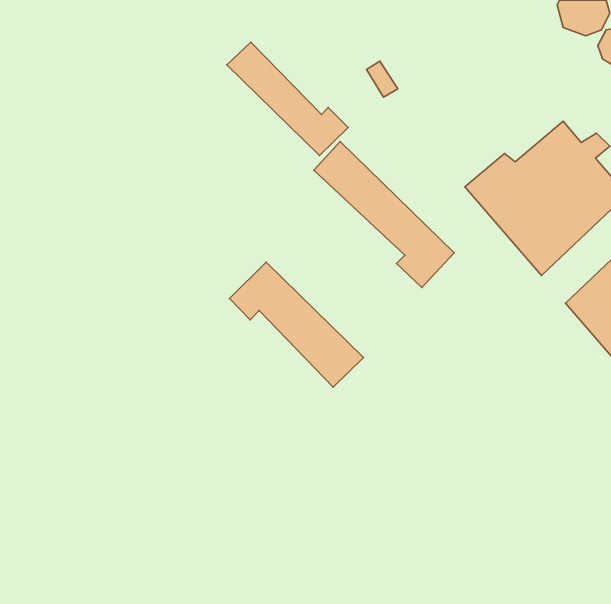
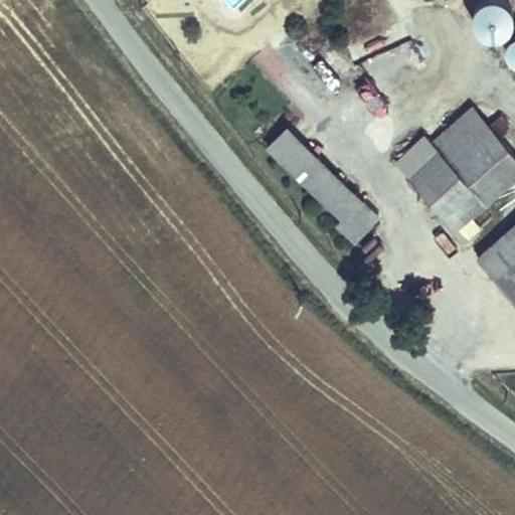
building: [227,42,348,155] -> none
building: [229,262,364,387] -> none

